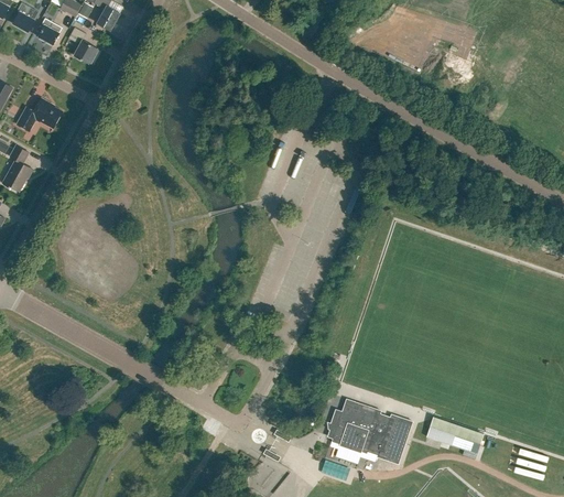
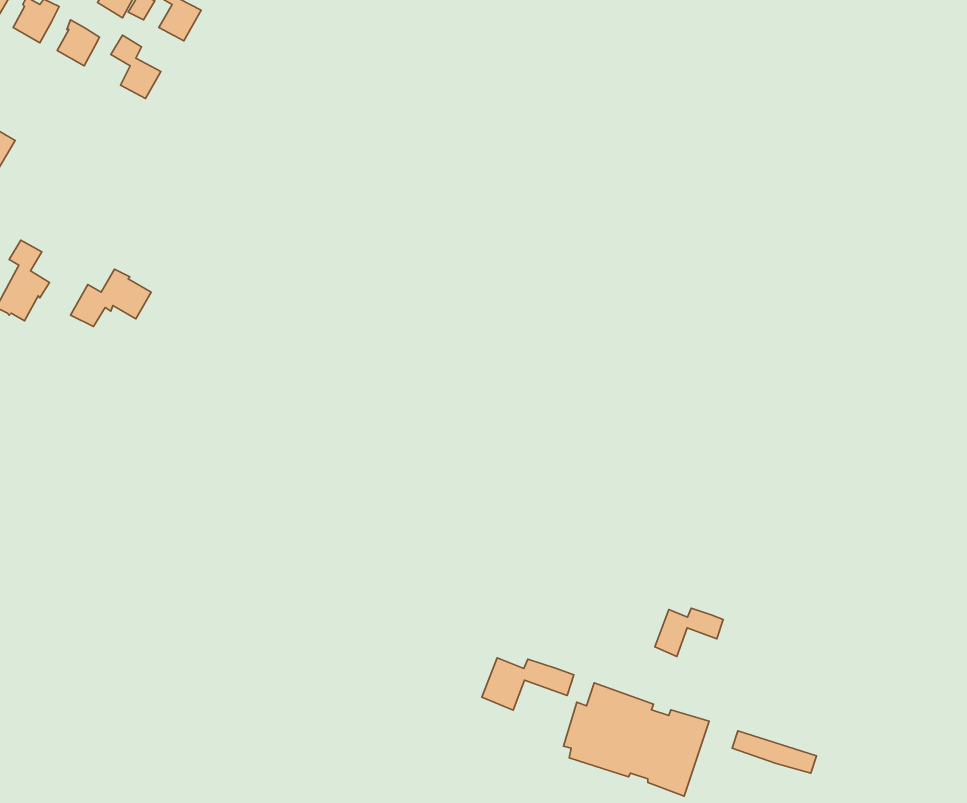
building: [17,98,63,131] -> [71,269,151,327]
building: none -> [655,608,723,656]
building: none -> [482,658,574,710]

